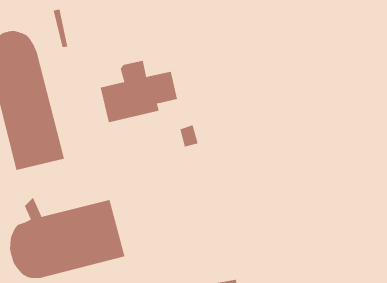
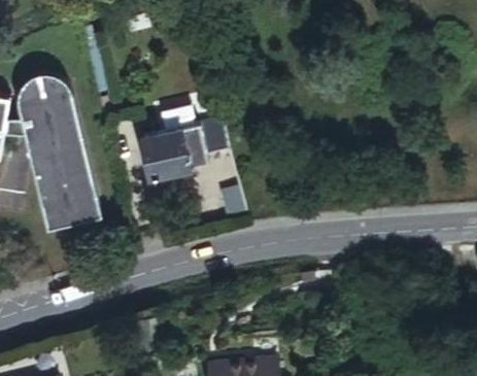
building: [9,197,125,279] -> none

